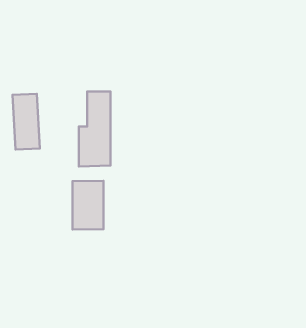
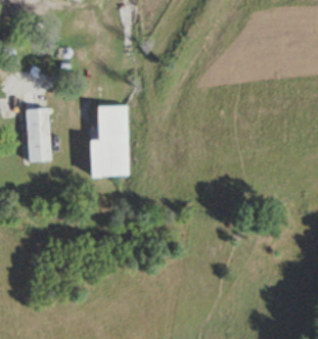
building: [72,181,104,229] -> none

